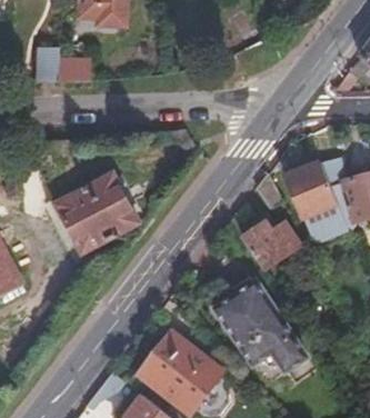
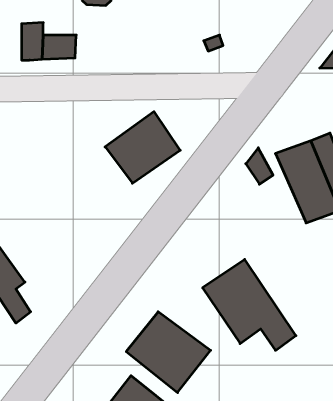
building: [69,178,142,248] -> [105,112,180,183]
building: [242,217,300,269] -> none

